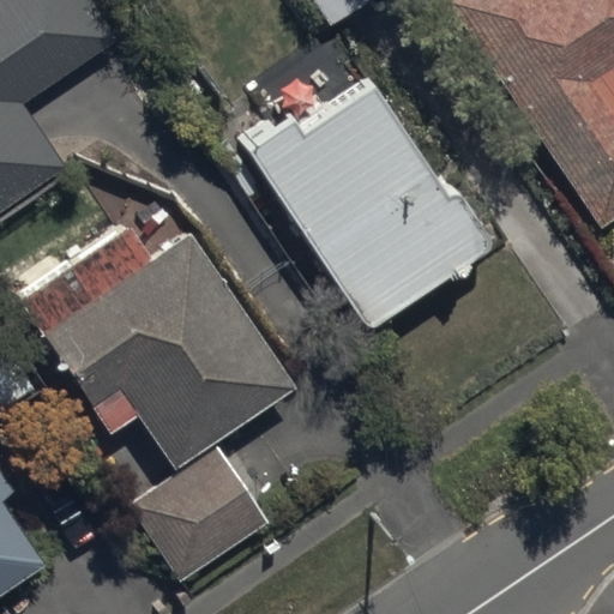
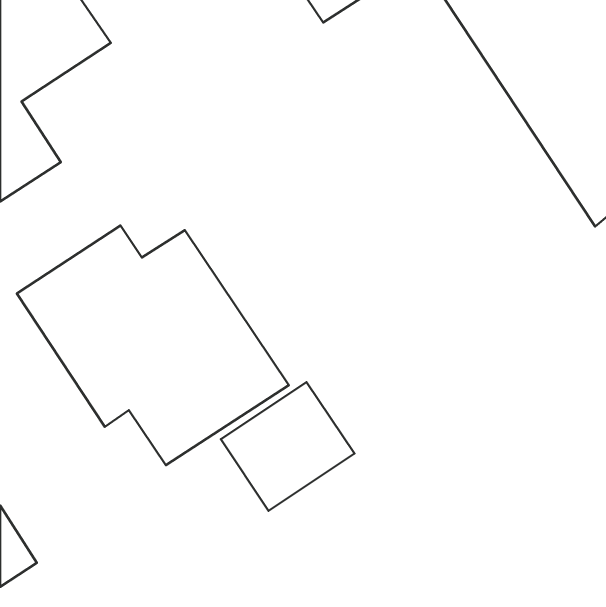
building: [248,74,480,324] -> none
building: [133,451,267,580] -> [221,382,354,511]

